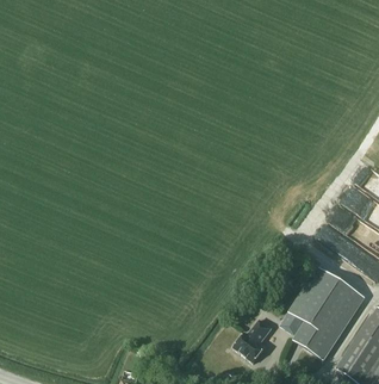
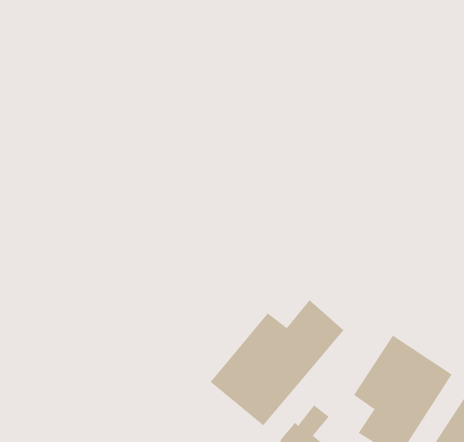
building: none -> [210,299,344,426]

